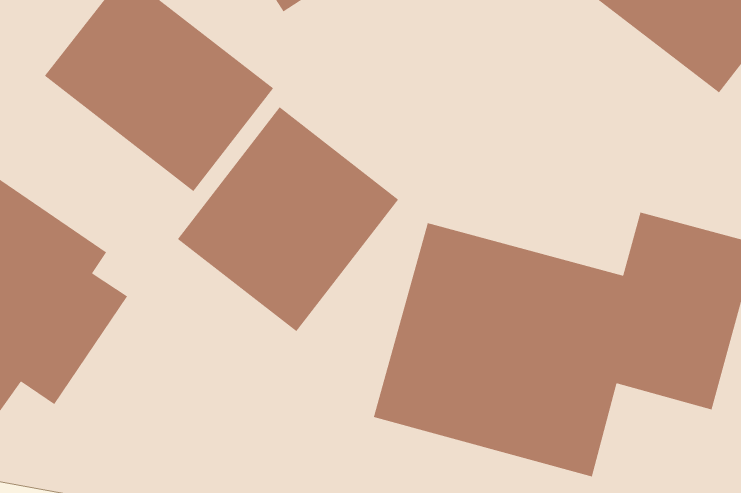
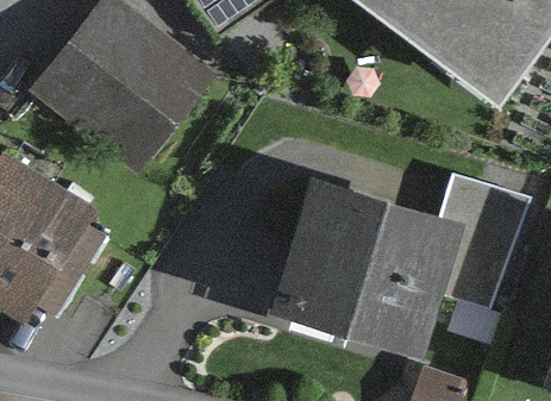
building: [177,106,399,332] -> none

